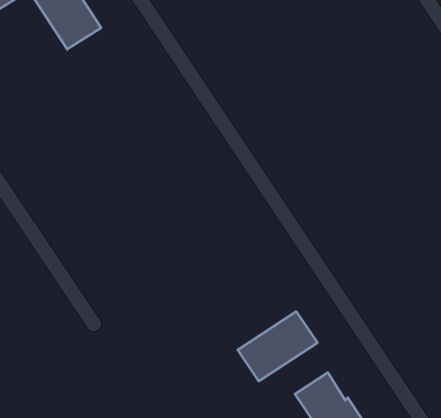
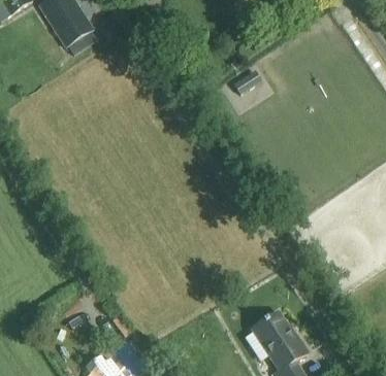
building: [238,312,317,381] -> none

